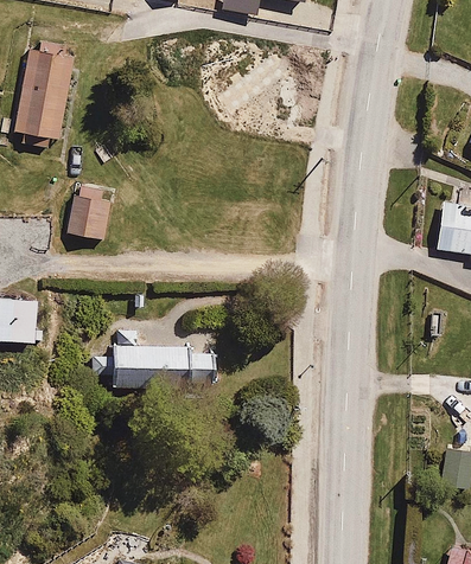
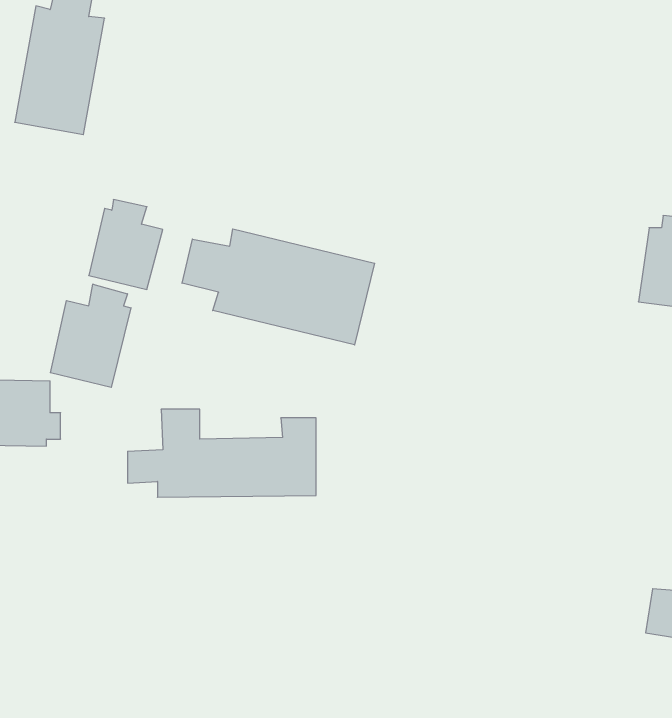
building: none -> [182,229,375,345]
building: none -> [50,284,131,387]

